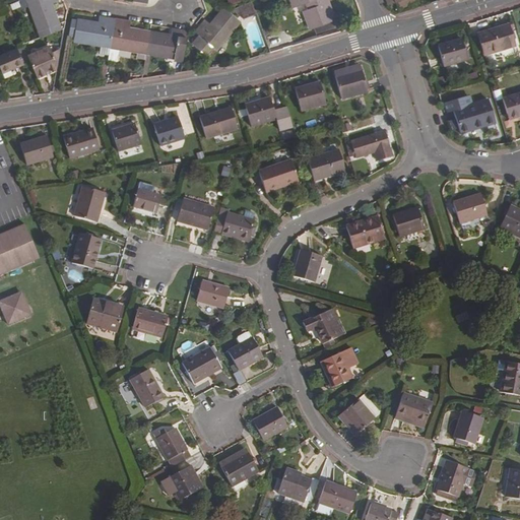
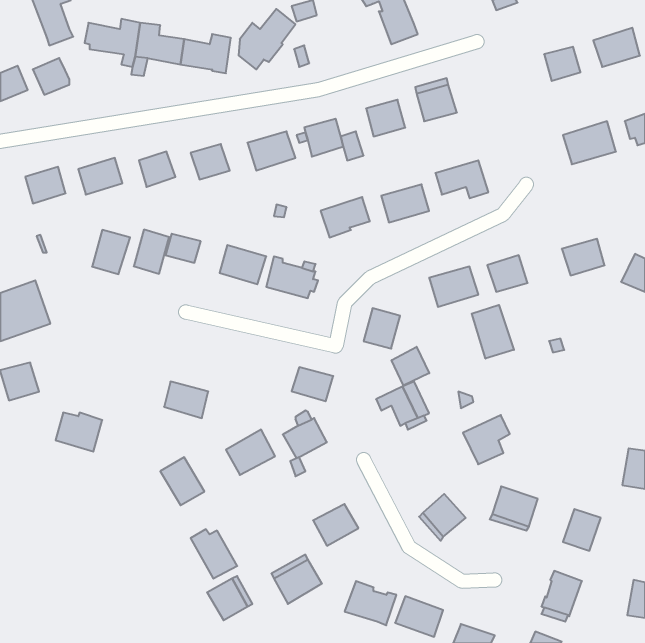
building: [72,232,101,267] -> [134,230,169,274]
building: none -> [472,305,514,359]
building: none -> [392,347,429,386]
building: [196,279,230,307] -> [292,367,333,401]
building: [86,300,124,331] -> [56,413,102,452]
building: [320,346,358,386] -> [463,415,510,464]

